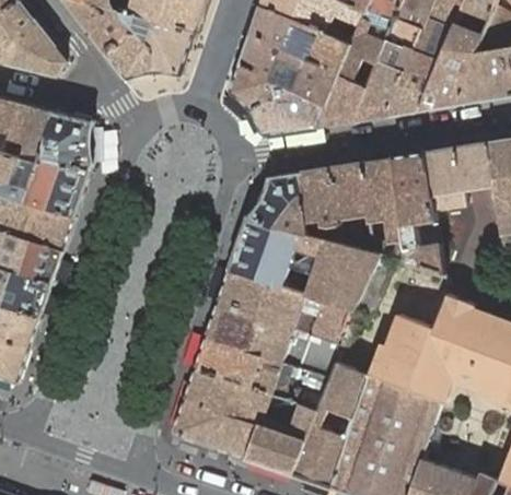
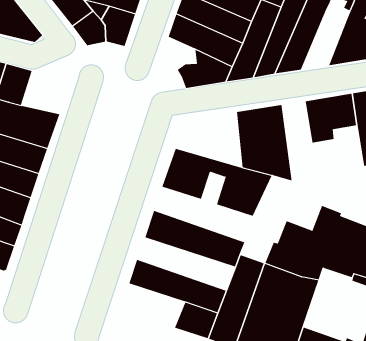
building: [419,27,481,110] -> none
building: [230,66,276,110] -> none
building: [38,111,93,170] -> none
building: [393,153,444,272] -> none
building: [247,167,338,243] -> none
building: [218,269,353,342] -> none
building: [195,338,329,410] -> none
building: [173,400,260,460] -> none

